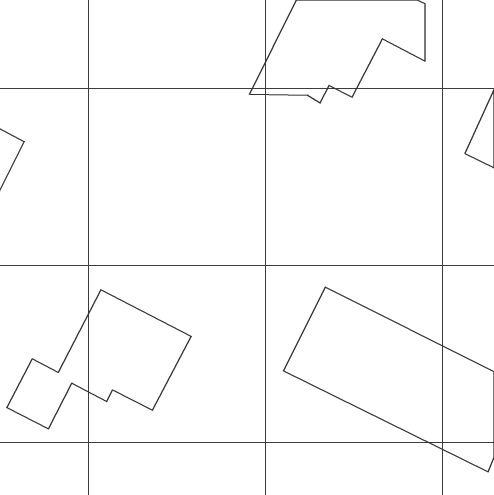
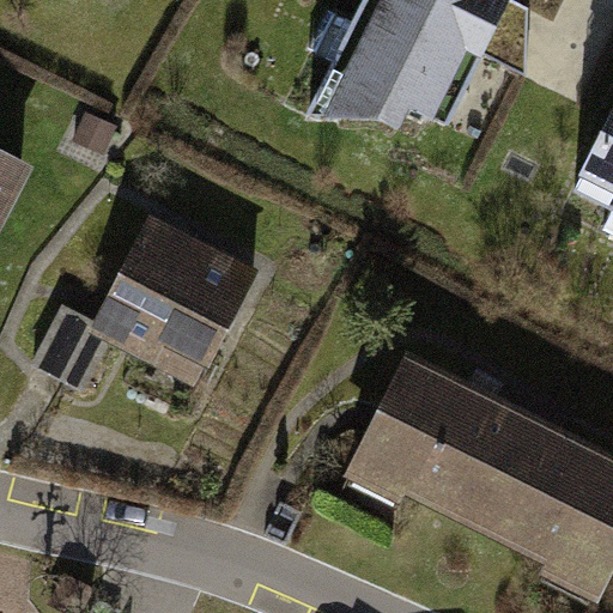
building: [7,290,191,429] -> [31,219,259,390]

